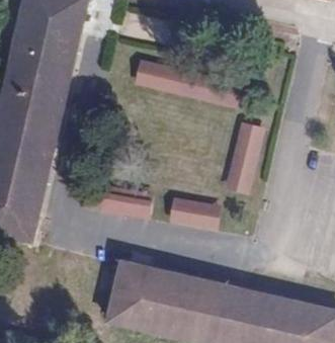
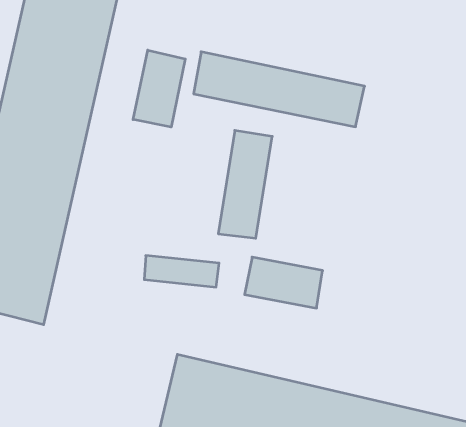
building: none -> [133,50,185,127]
building: [226,120,262,193] -> [218,130,272,238]

